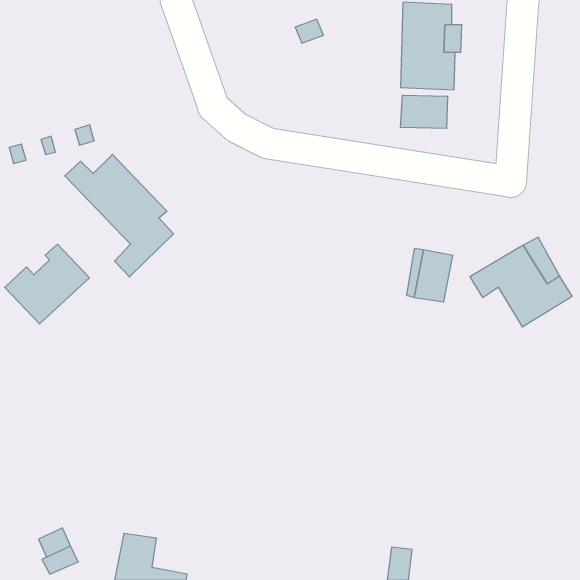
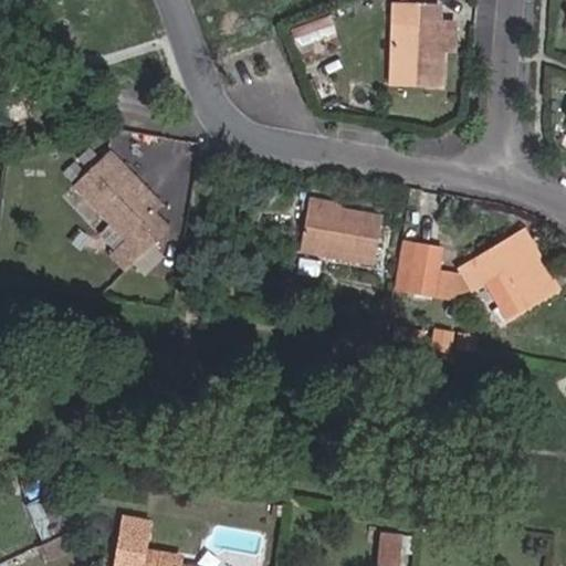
building: [401,95,447,129] -> none
building: none -> [300,205,382,263]
building: [5,244,89,324] -> none

